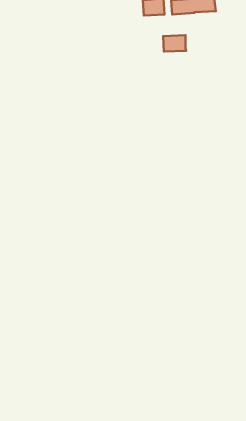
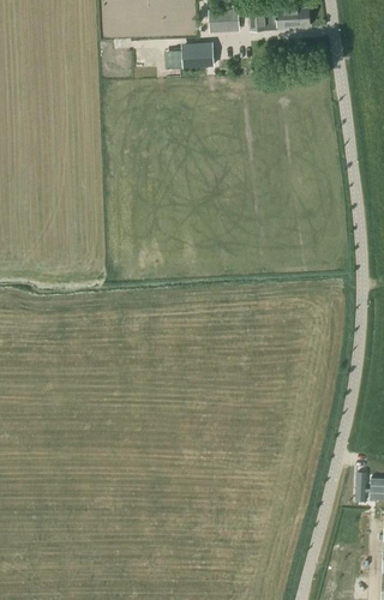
building: [163,35,186,52] -> [184,44,216,67]

